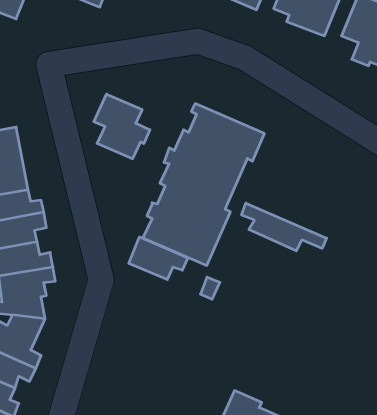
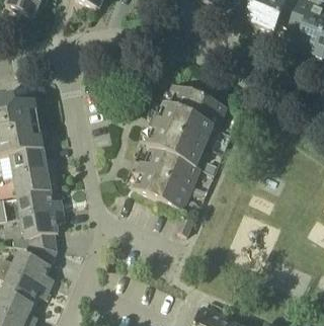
building: [94,94,150,159] -> none
building: [242,203,327,251] -> none
building: [129,237,188,280] -> none

